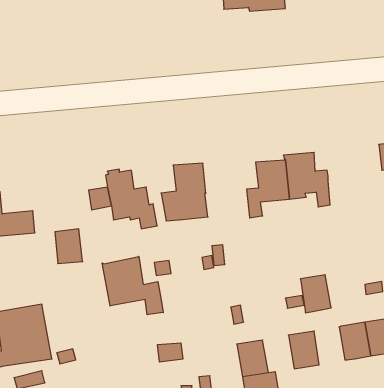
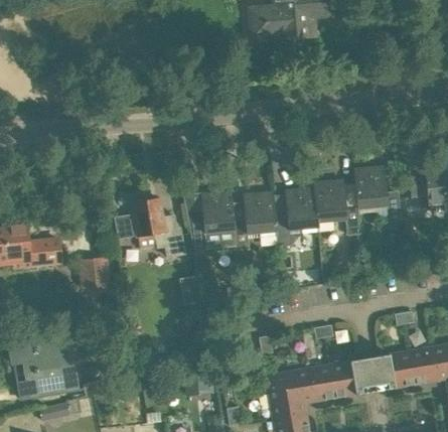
building: none -> [353,165,401,221]
building: none -> [233,190,277,250]
building: [102,256,163,315] -> none
building: [300,275,331,313] -> [343,356,375,395]
building: none -> [291,365,323,403]

